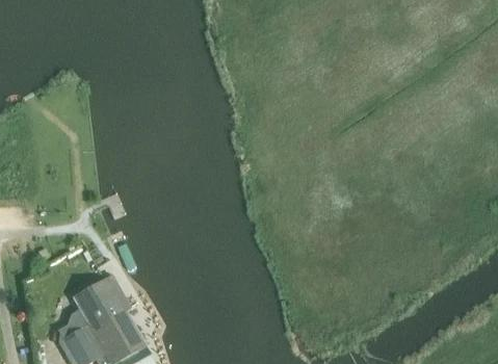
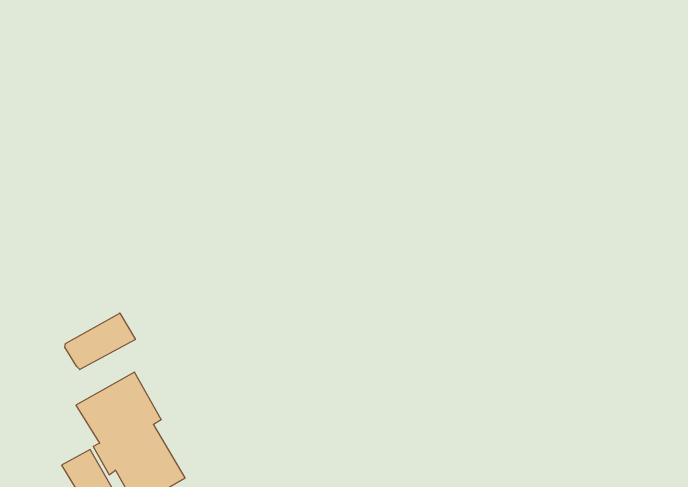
building: none -> [65,313,135,370]

